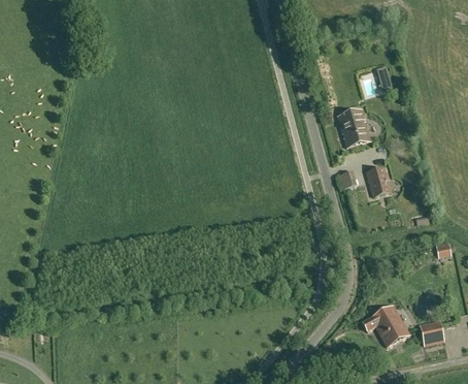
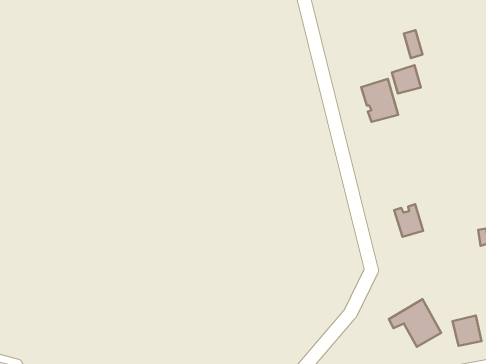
building: none -> [392,65,421,94]
building: [365,166,391,195] -> [394,204,423,237]

